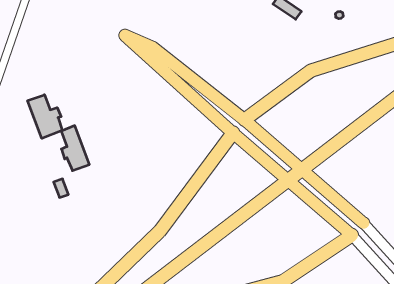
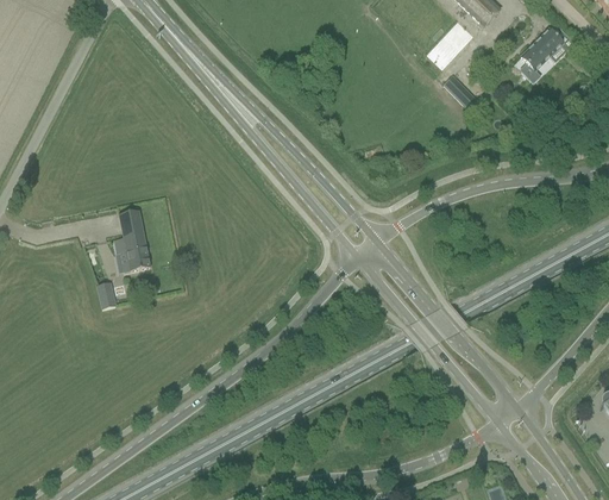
building: [28,95,62,138] -> none

